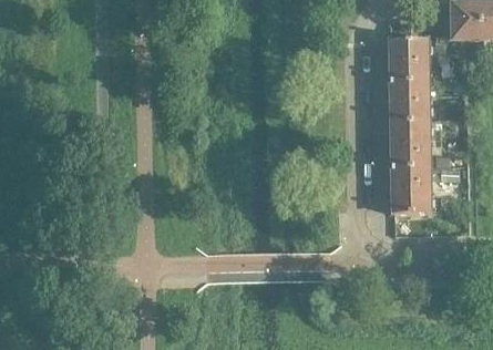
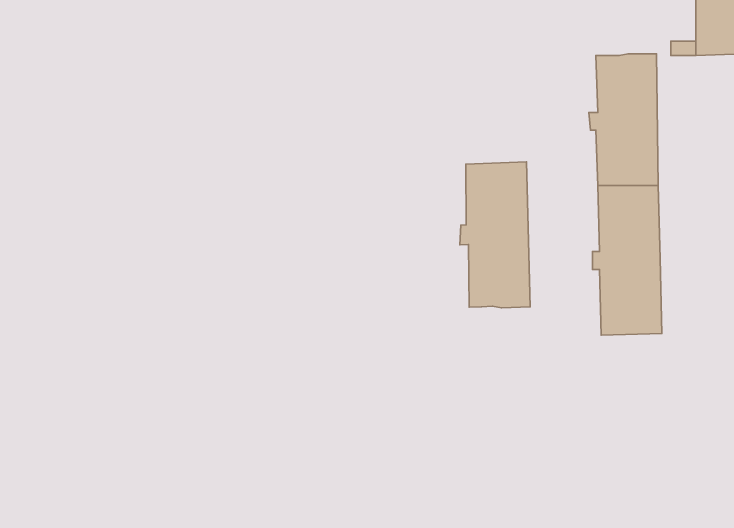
building: none -> [460,162,530,308]

